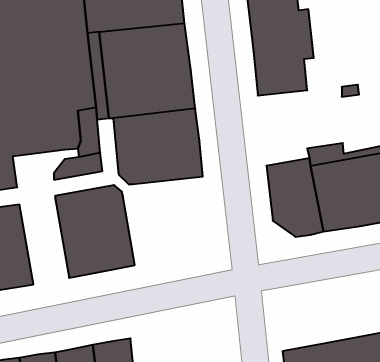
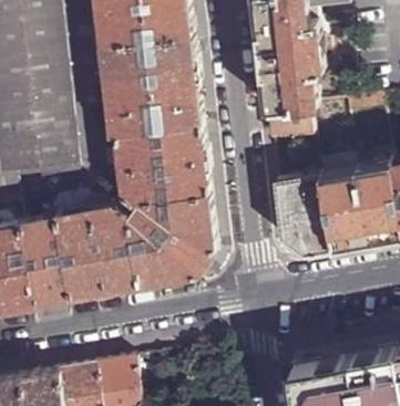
building: none -> [266,108,311,139]
building: none -> [127,196,217,287]
building: none -> [21,218,72,306]

